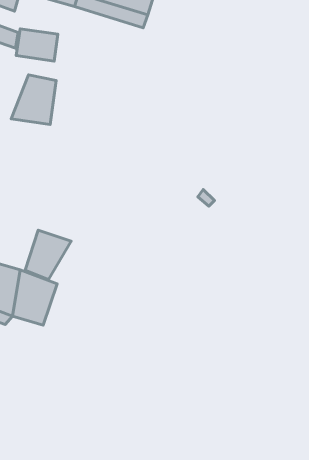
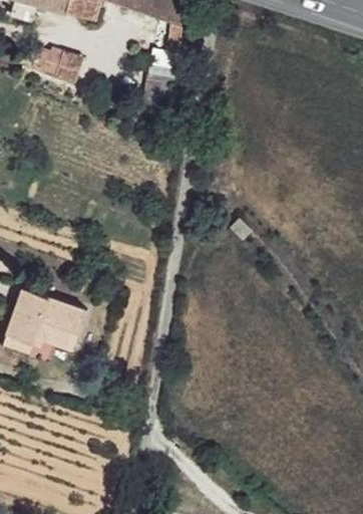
building: [11,75,56,125] -> none
building: [25,230,71,279] -> none

